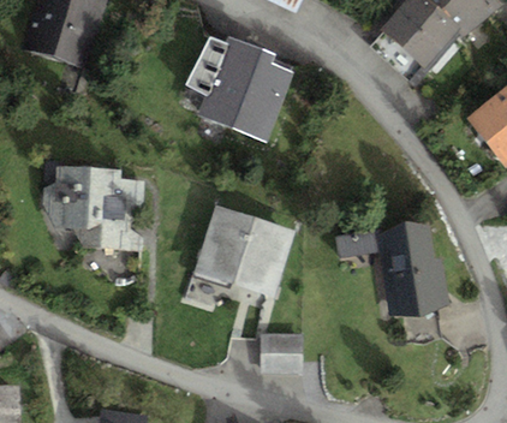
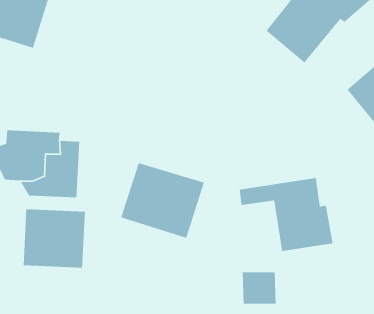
building: [185,35,294,143] -> none
building: none -> [23,208,86,268]
building: [261,333,303,373] -> [242,272,277,304]

